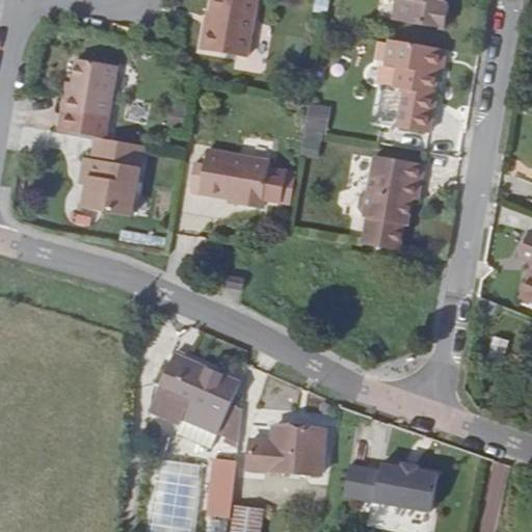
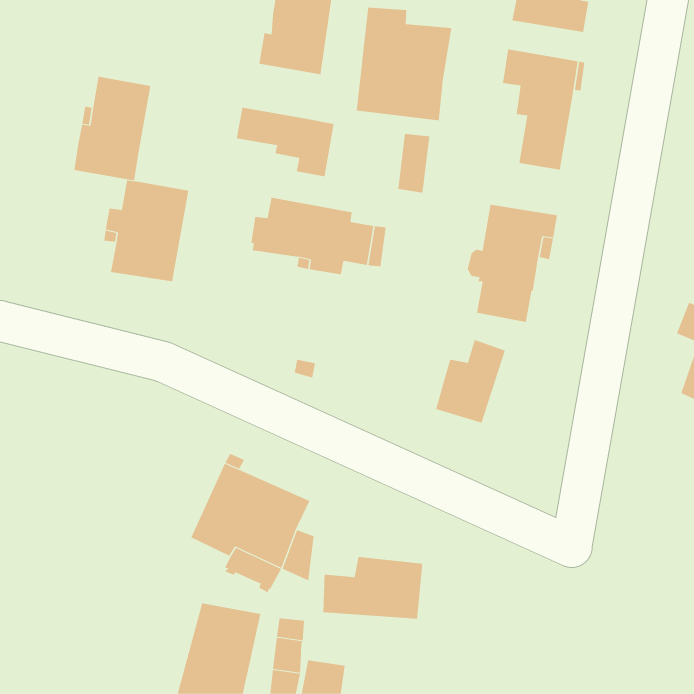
building: none -> [356,7,452,121]
building: none -> [236,107,334,177]
building: none -> [435,339,506,423]
building: [341,464,434,514] -> none

